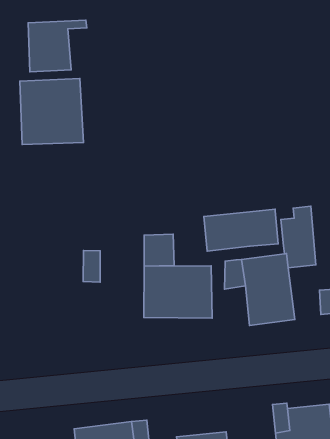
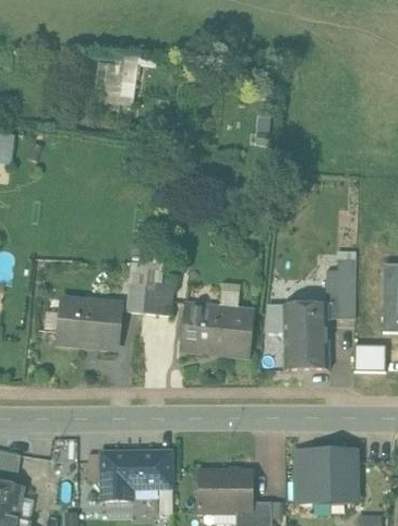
building: [20,78,83,144] -> none
building: [204,209,278,251] -> none
building: [144,234,174,266] -> [143,281,174,314]
building: none -> [59,297,121,346]

